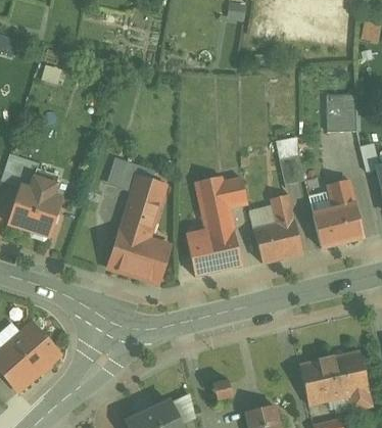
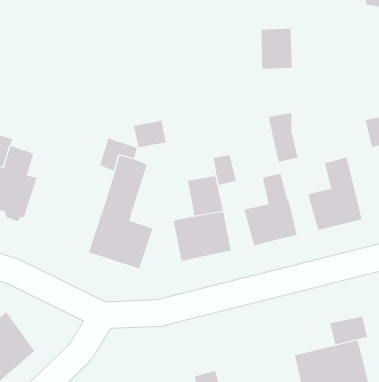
building: [326,94,355,132] -> [261,28,292,69]
building: [196,176,227,201] -> [133,120,166,148]
building: none -> [330,316,367,345]

